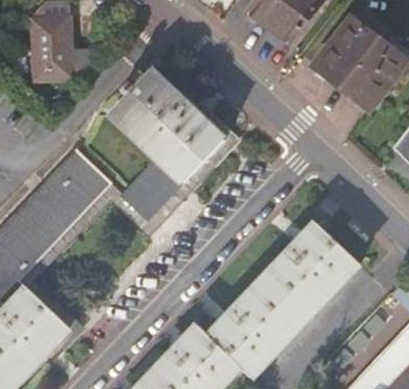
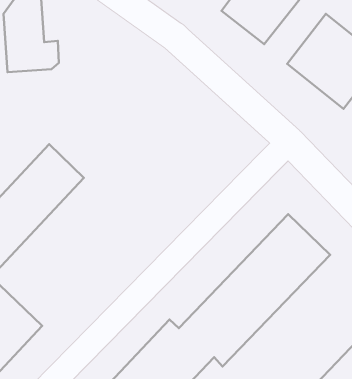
building: [108,67,222,218] -> none

